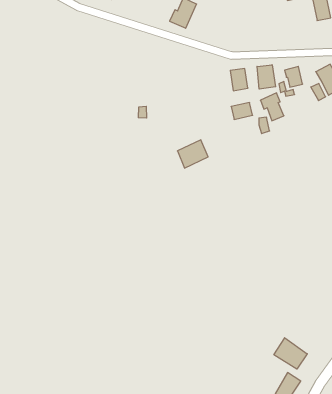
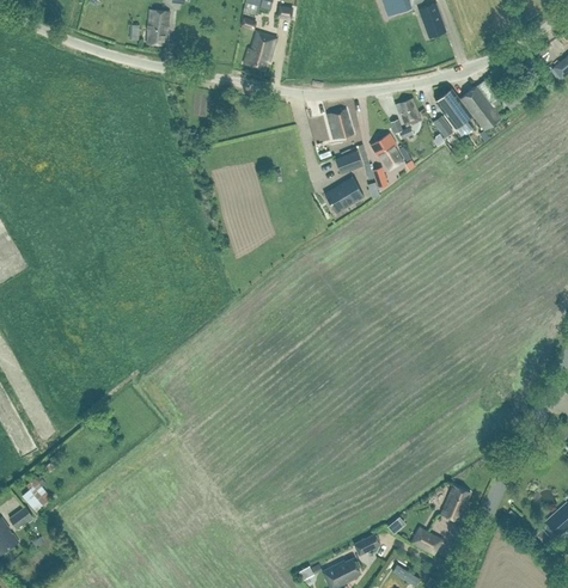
building: [257,65,276,89] -> none
building: [177,140,208,168] -> [324,176,364,214]
building: [274,338,307,369] -> none

